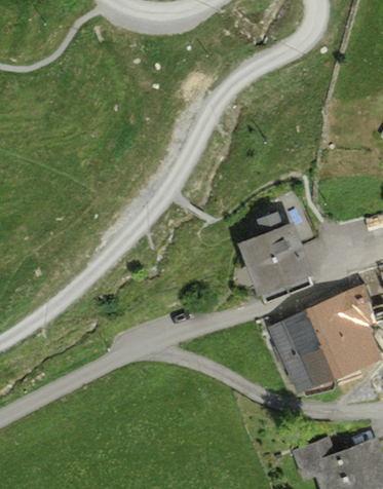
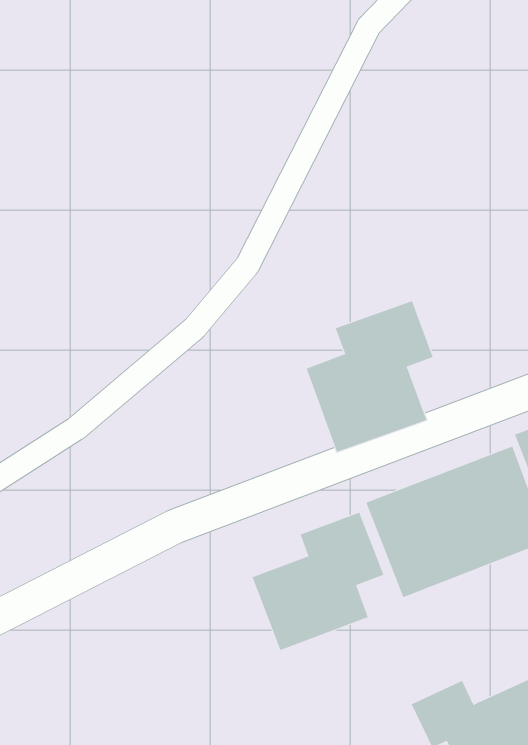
building: none -> [252,512,384,651]

